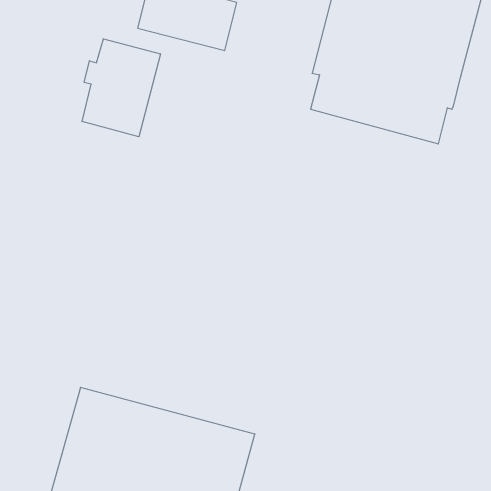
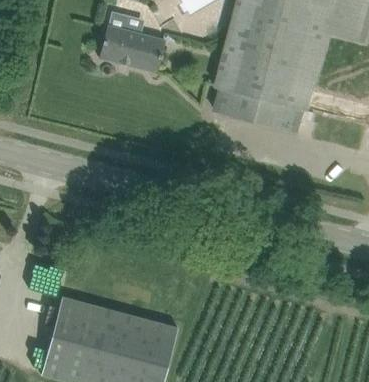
building: [82,39,160,137] -> none

